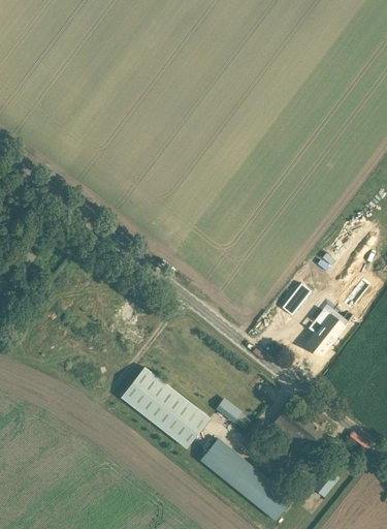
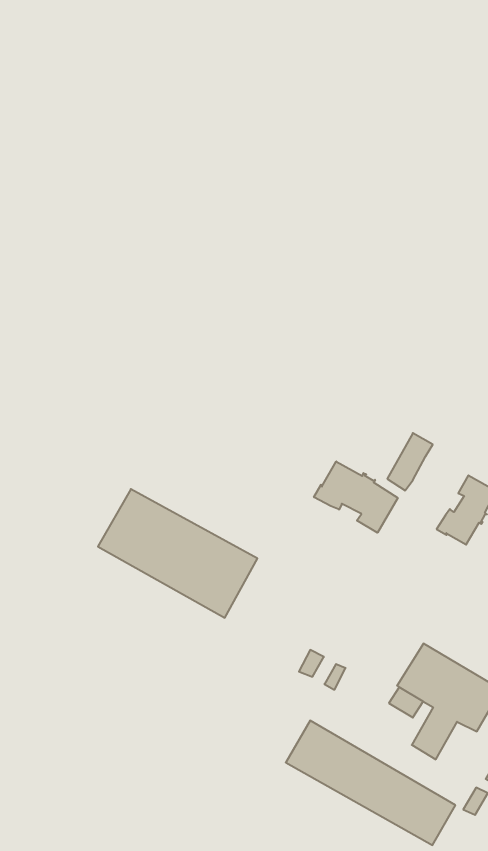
building: none -> [314,461,398,533]
building: [120,367,209,448] -> [98,489,257,618]

